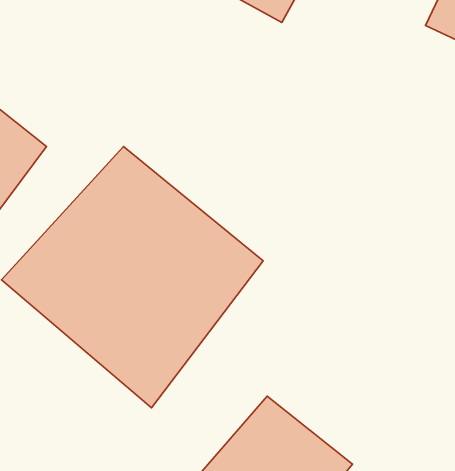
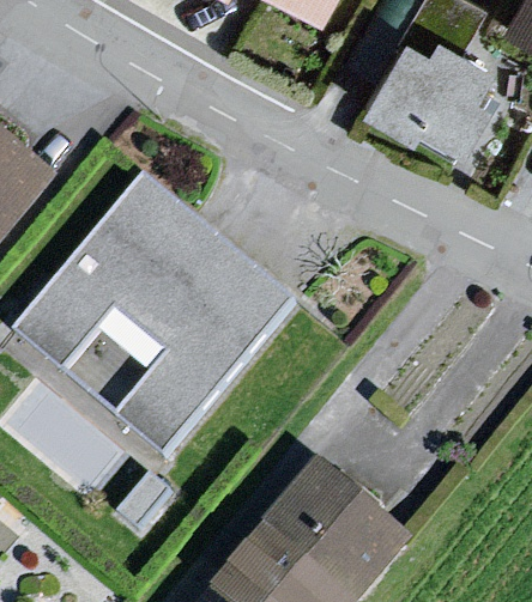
building: none -> [352,24,484,150]

